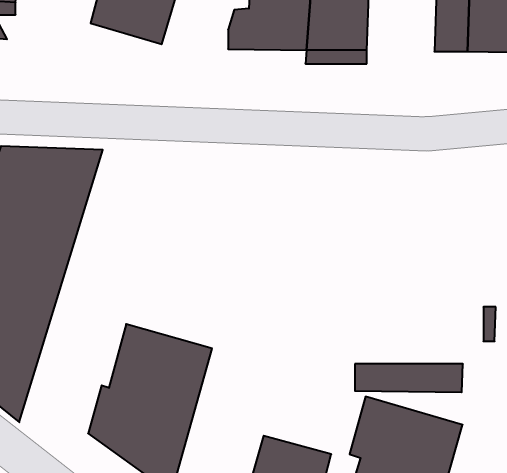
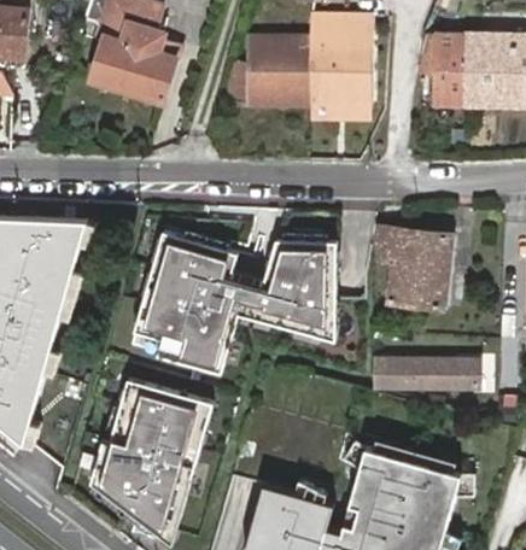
building: none -> [133,227,334,370]
building: none -> [375,227,450,308]
building: [355,364,463,392] -> [369,361,475,388]

